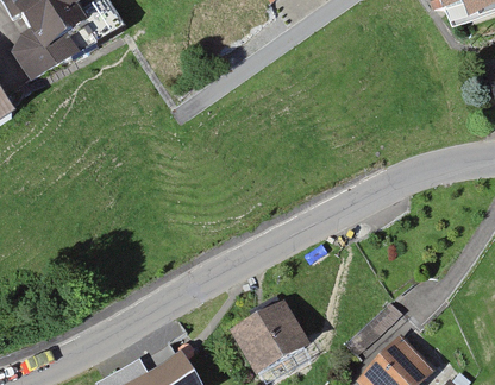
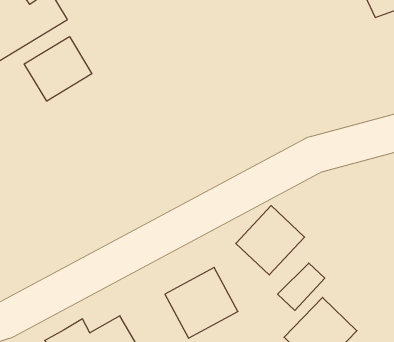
building: none -> [24,37,92,101]
building: none -> [236,206,305,275]

